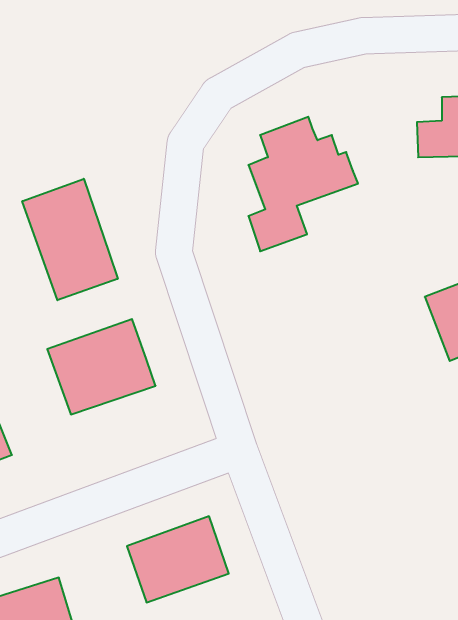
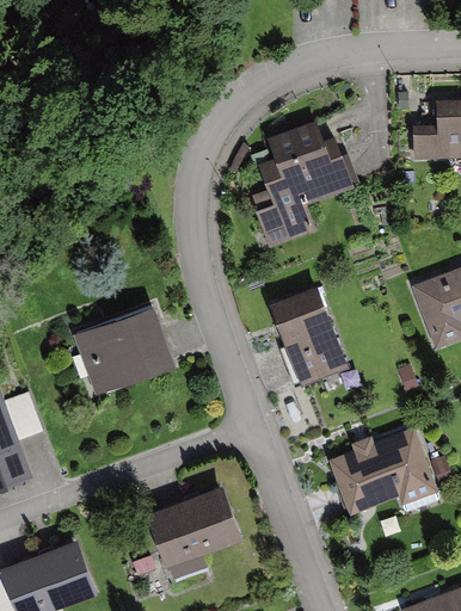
building: [22,179,118,300] -> none
building: none -> [270,286,348,385]
building: none -> [328,427,437,513]

